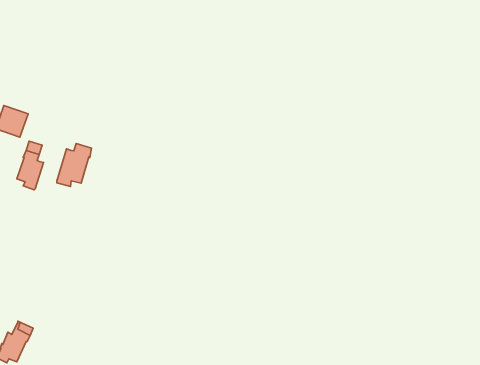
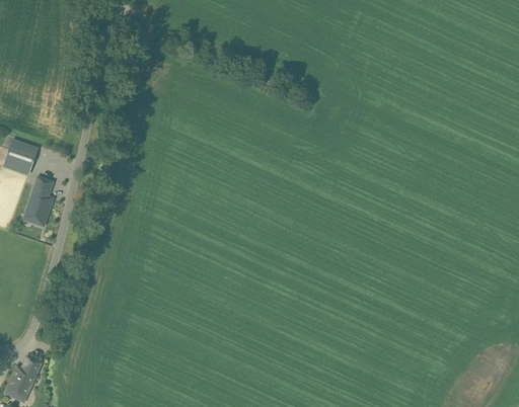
building: [57,143,92,186] -> none

